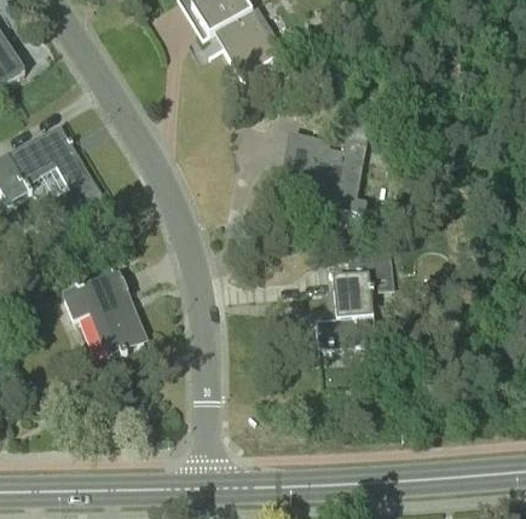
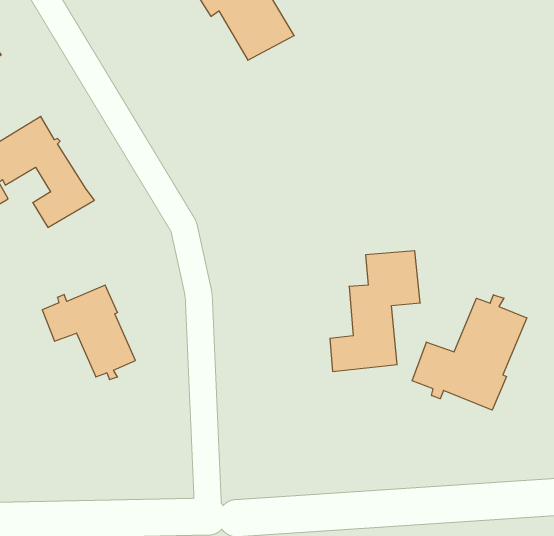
building: [287,135,365,213] -> none
building: none -> [412,295,527,410]

